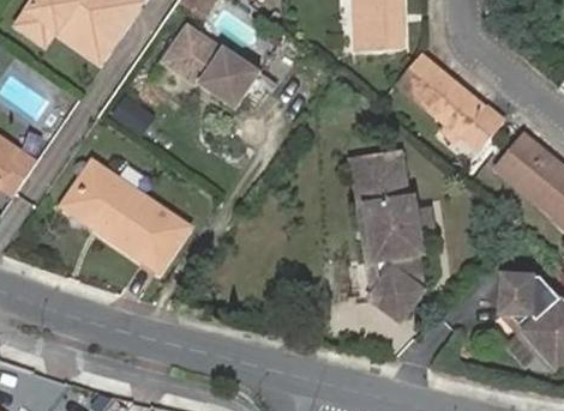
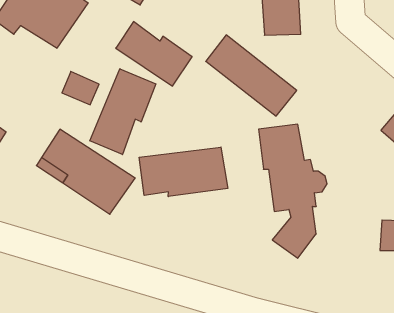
building: [392,49,504,149] -> [206,35,297,116]
building: none -> [90,69,156,155]
building: none -> [139,147,228,197]

